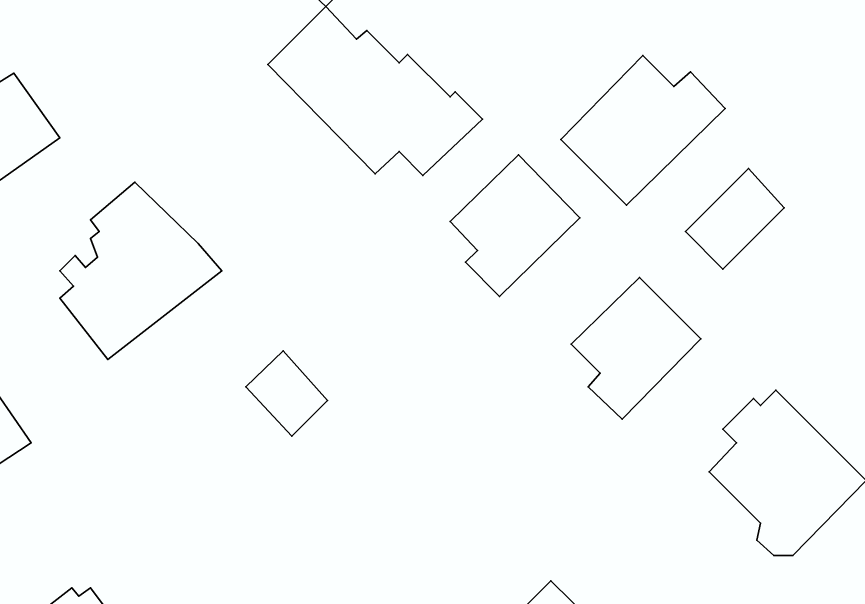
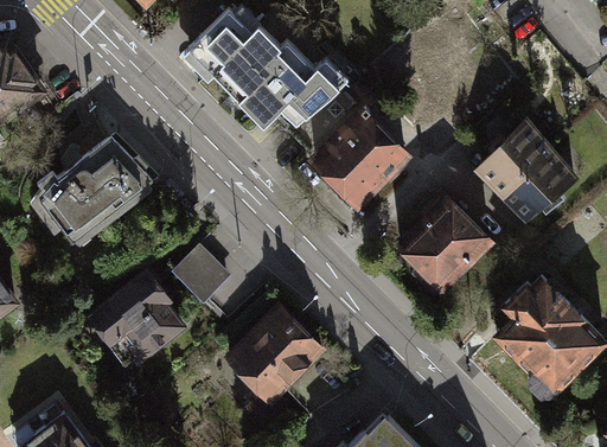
building: [561,56,725,205] -> none
building: none -> [504,149,573,217]
building: none -> [85,275,191,383]
building: none -> [223,300,327,403]

